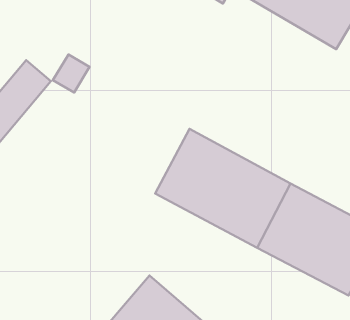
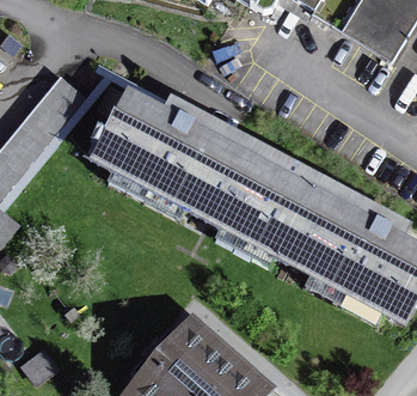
building: none -> [92,93,235,219]

